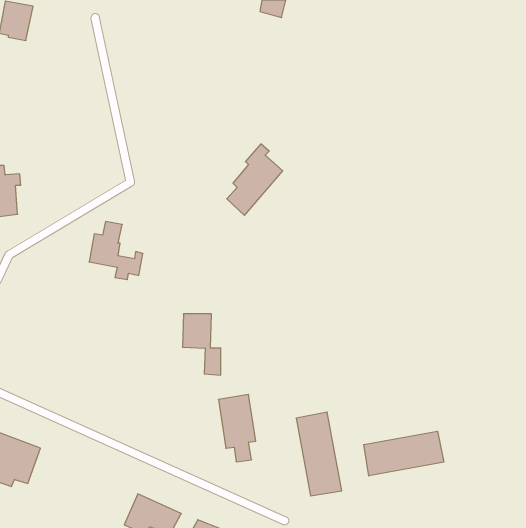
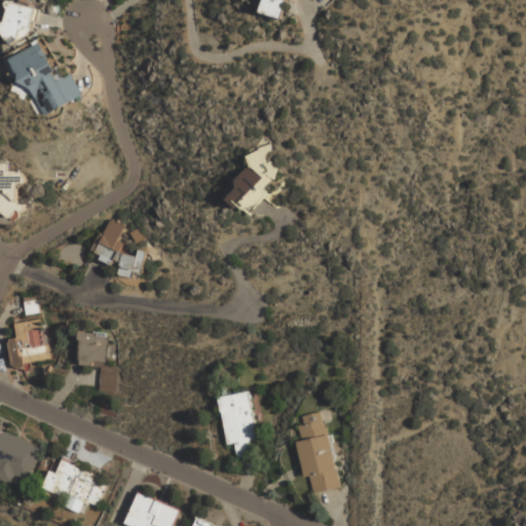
building: none -> [9,42,80,117]
building: [182,314,221,375] -> [75,333,113,393]
building: none -> [4,314,45,367]
building: [364,431,444,476] -> none
building: none -> [40,461,106,512]

